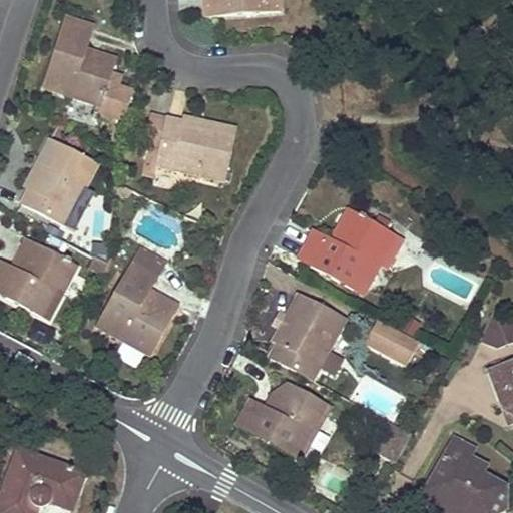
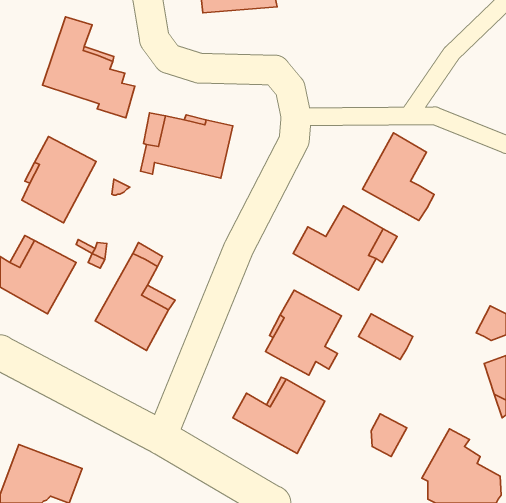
building: none -> [363,133,434,221]

